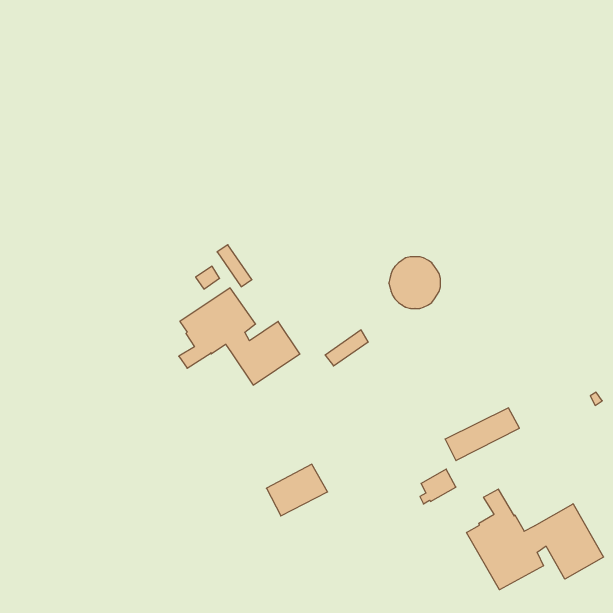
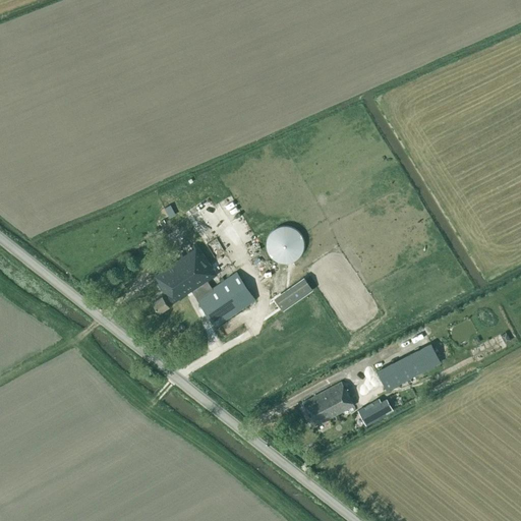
building: [389,257,440,308] -> [263,223,306,267]
building: [266,464,328,516] -> [302,383,354,426]
building: [467,489,604,590] -> none

